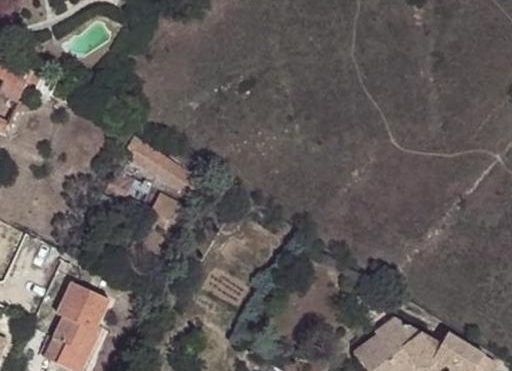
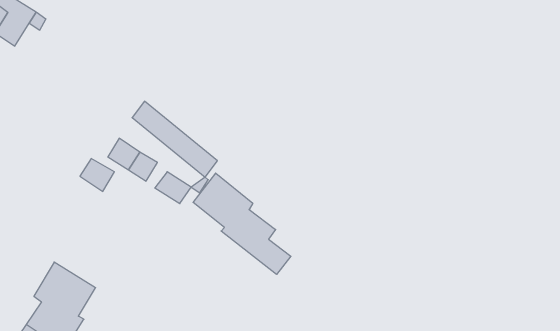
building: none -> [193,173,291,274]

